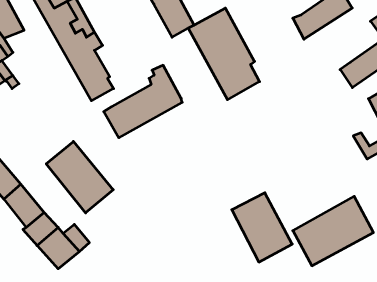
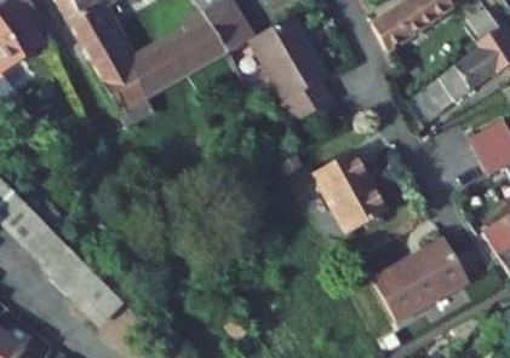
building: [104,65,182,138] -> [130,7,224,94]
building: [46,141,113,213] -> none
building: [232,193,292,262] -> [314,149,386,232]

